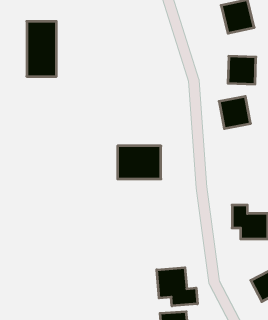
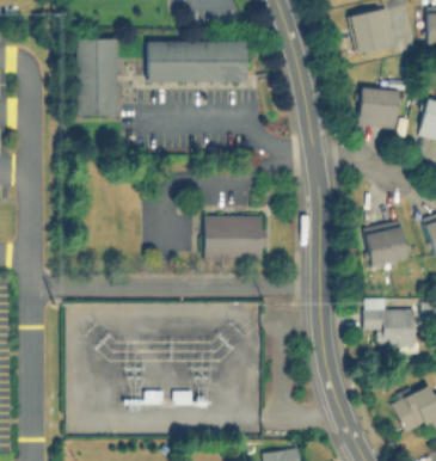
building: none -> [146,41,246,84]
building: [219,96,251,129] -> [363,221,407,266]
building: [157,268,197,306] -> none

